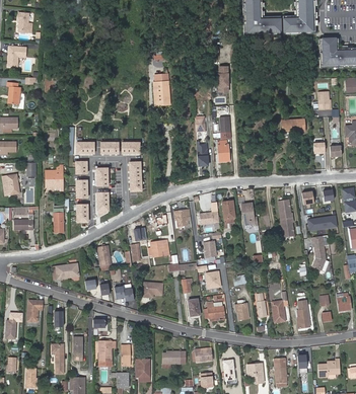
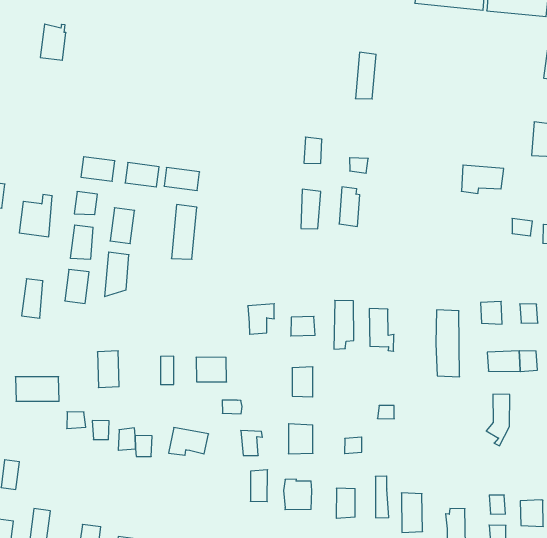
building: [153,75,168,105] -> none

